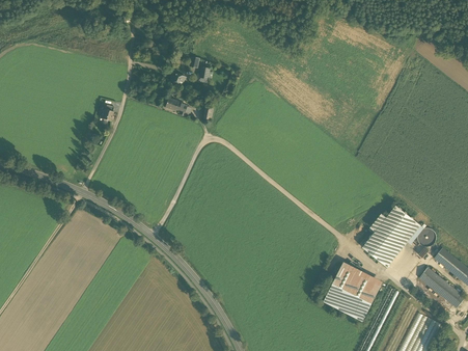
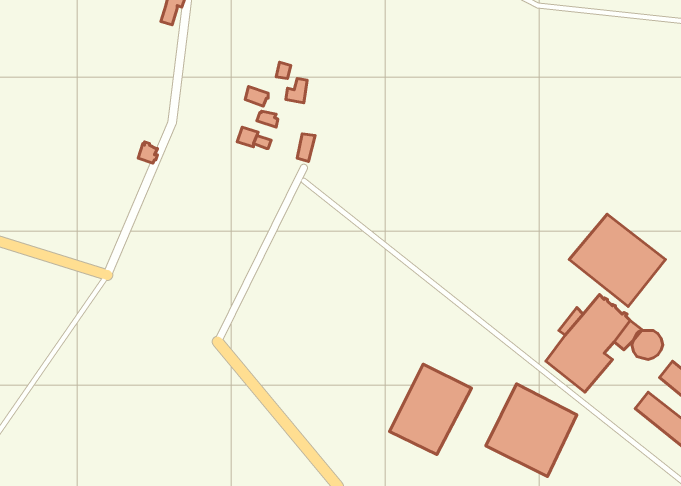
building: none -> [569,214,666,306]
building: none -> [390,364,471,454]

